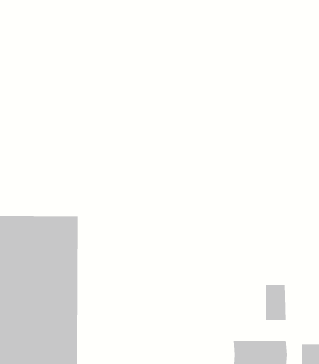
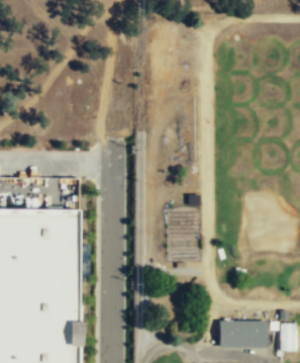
building: [265,284,287,321] -> none

